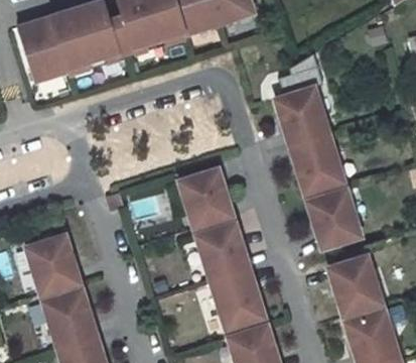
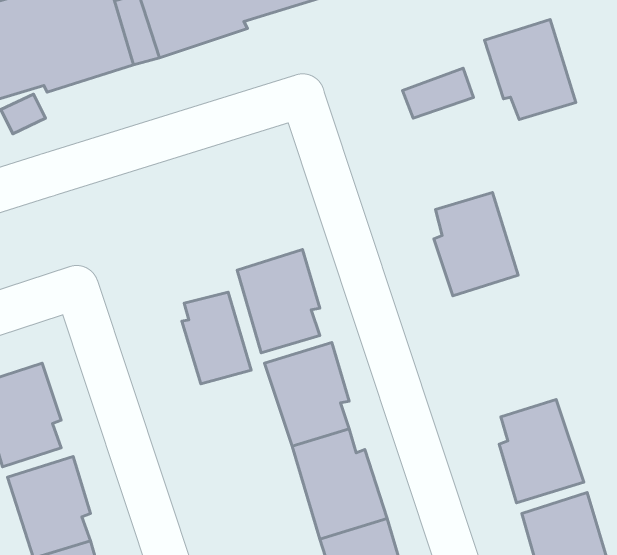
building: [274,84,327,142] -> [485,20,576,120]
building: [306,187,360,245] -> none
building: none -> [182,292,251,384]

